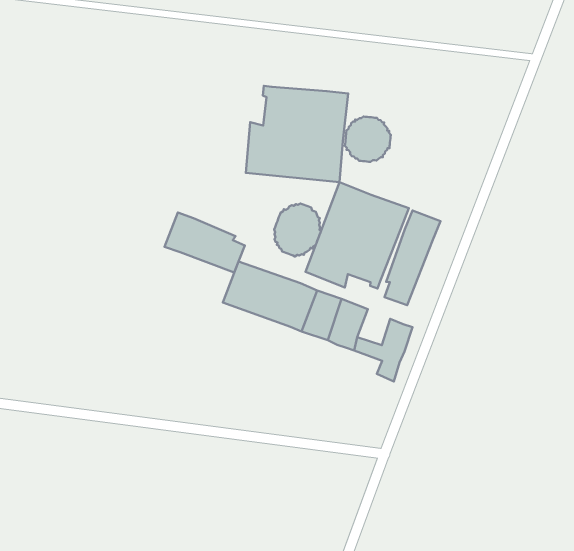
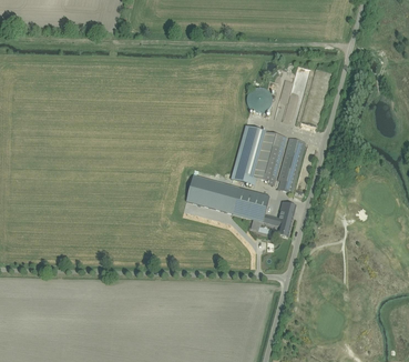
building: [246,86,348,182] -> none
building: [274,204,321,256] -> none
building: [165,213,245,272] -> none

